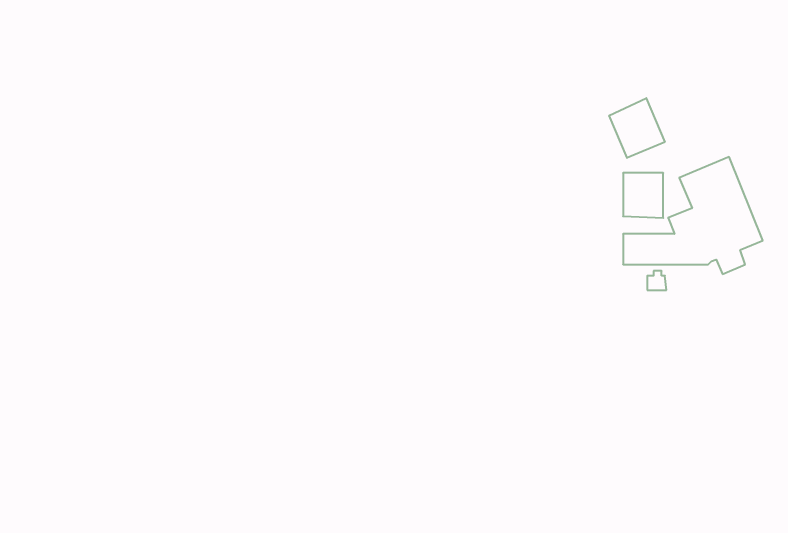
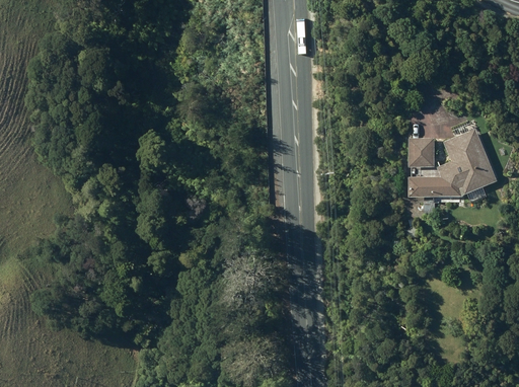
building: [609,98,665,158] -> none

